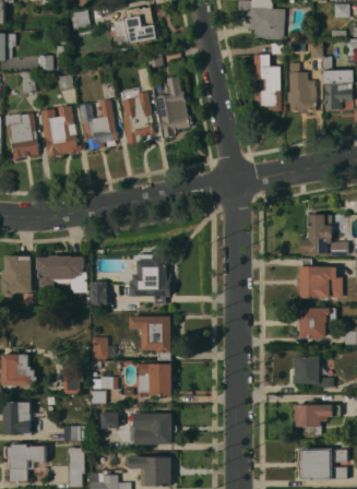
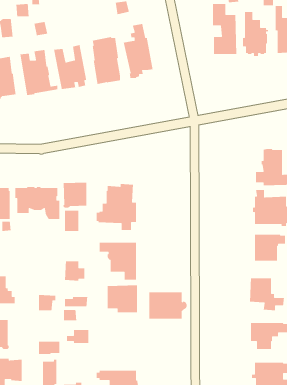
building: none -> [63,182,87,209]
building: [134,414,177,444] -> [149,292,187,319]

